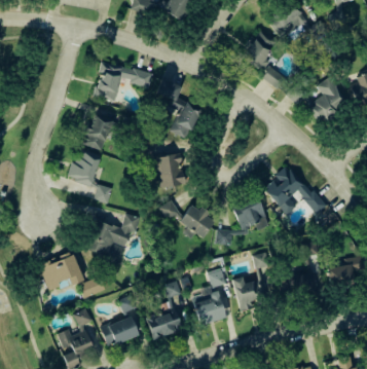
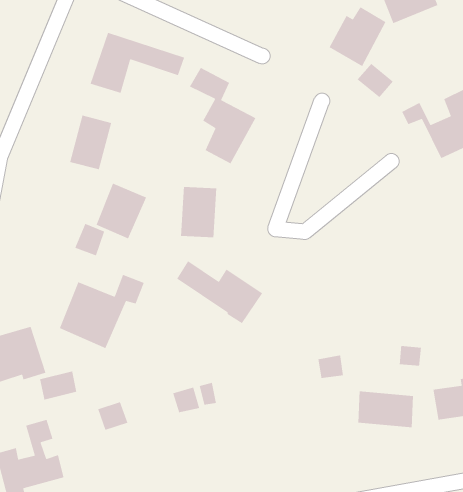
building: [69,151,100,186] -> [95,182,147,240]
building: [263,165,324,215] -> none
building: [216,198,268,245] -> none
building: [192,269,226,325] -> none
building: [232,278,272,312] -> none
building: [146,309,181,339] -> none
building: [100,316,138,347] -> none

